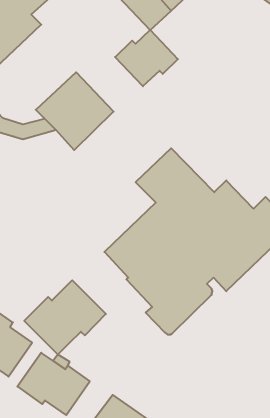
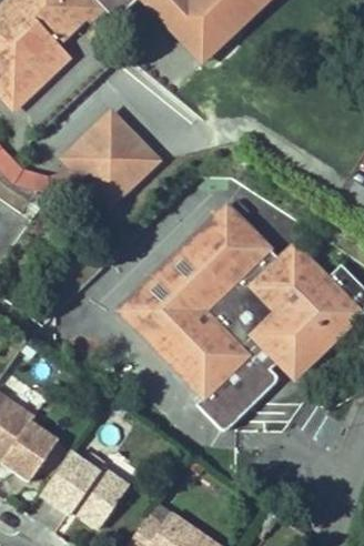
building: [115,30,178,86] -> none
building: none -> [119,245,209,363]
building: [24,280,106,355] -> none

